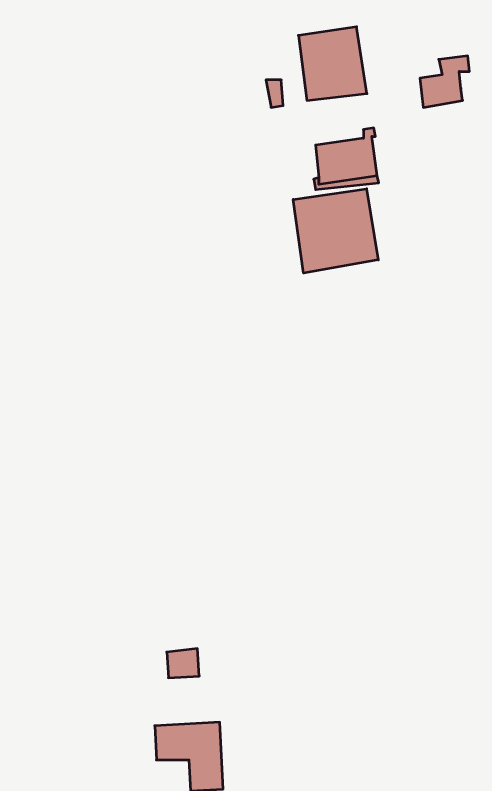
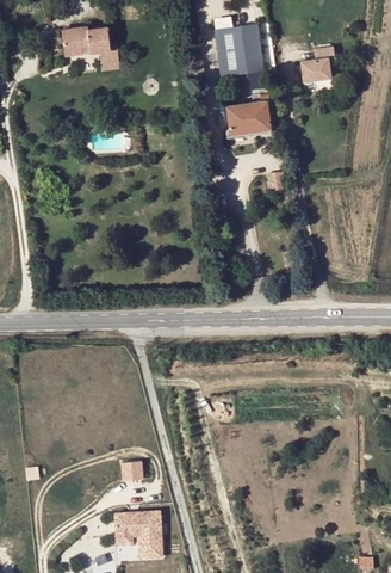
building: none -> [61,27,110,57]
building: [293,189,378,273] -> none

